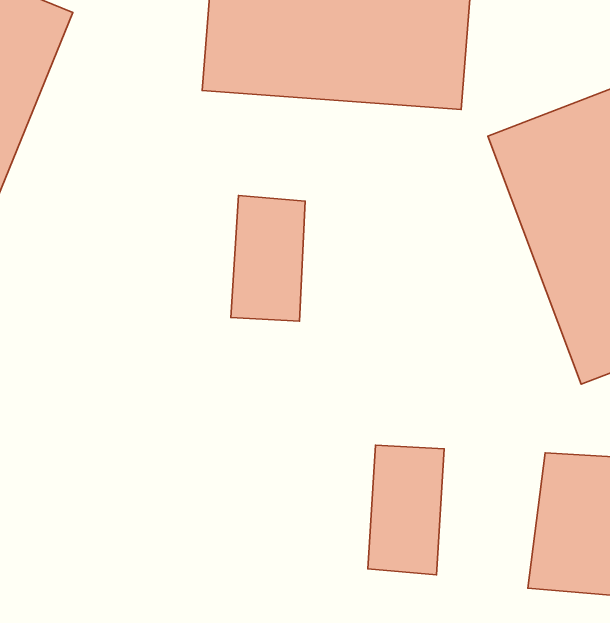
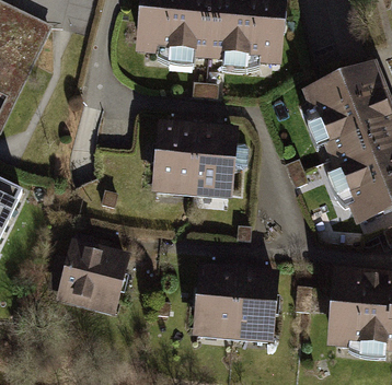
building: none -> [189,122,231,194]
building: none -> [58,240,129,308]
building: none -> [194,260,233,334]

